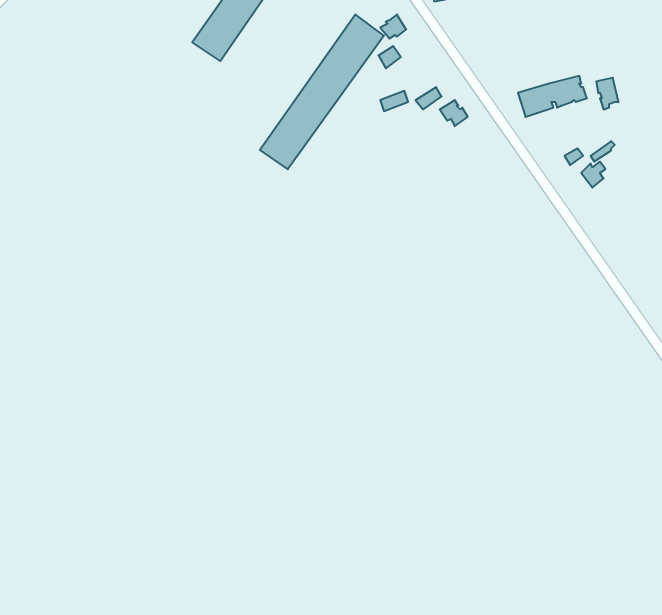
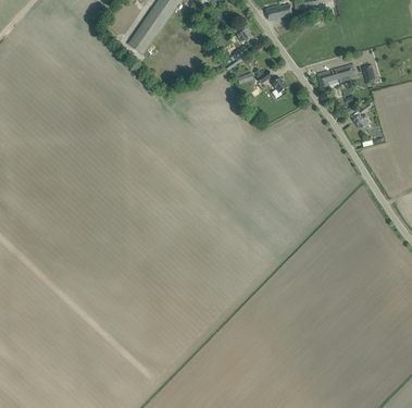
building: [260,14,384,169] -> none

